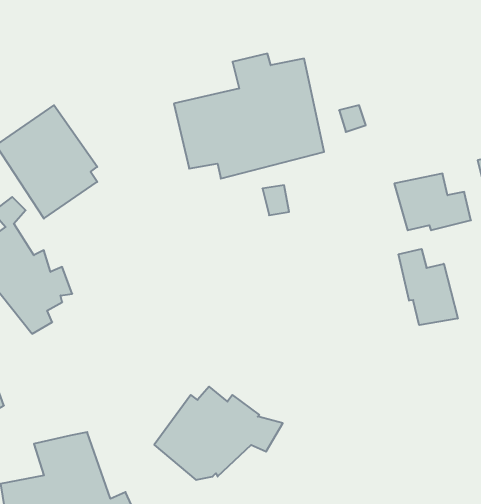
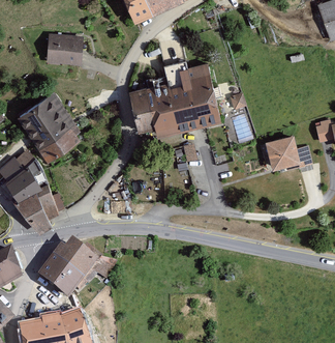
building: none -> [47,32,83,65]
building: [399,249,458,325] -> none
building: [154,387,283,480] -> [37,238,117,296]

